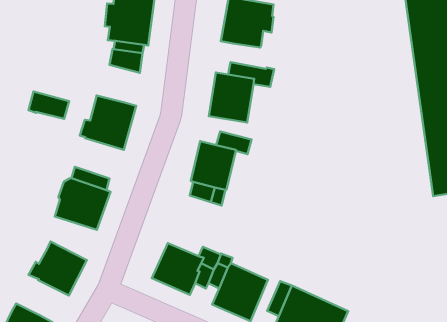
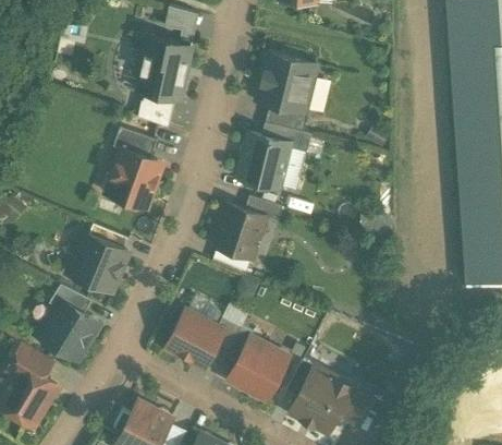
building: none -> [266,104,309,133]
building: [29,91,69,119] -> [114,127,158,158]
building: none -> [50,285,93,314]
building: none -> [9,342,54,377]

